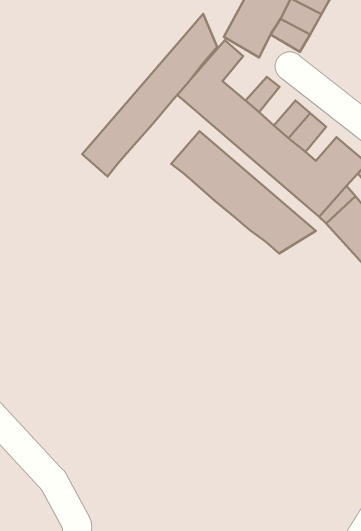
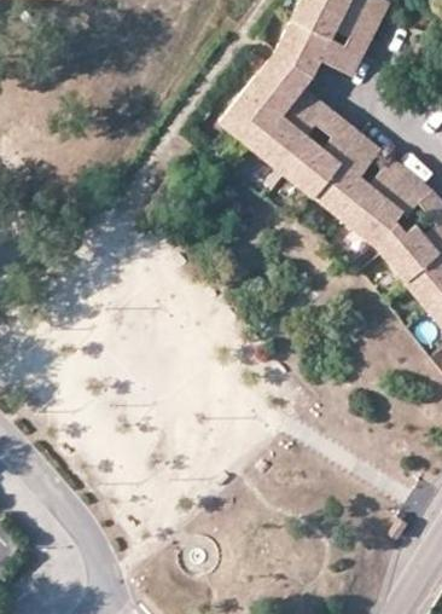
building: [82,14,217,177] -> none
building: none -> [269,77,316,124]
building: [171,131,316,254] -> none

